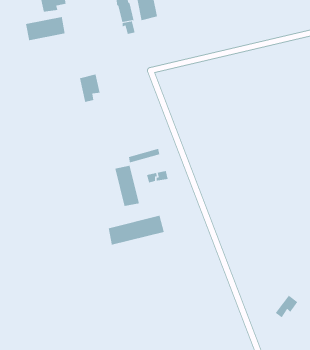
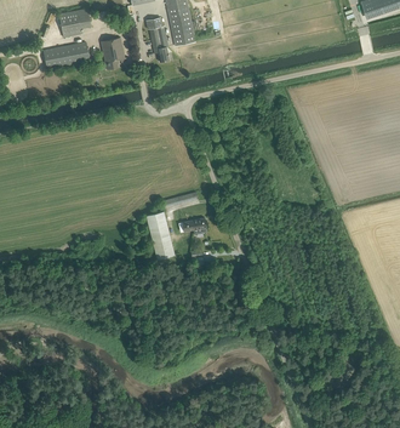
building: [79,74,101,102] -> [99,36,124,69]
building: [108,215,165,246] -> none

